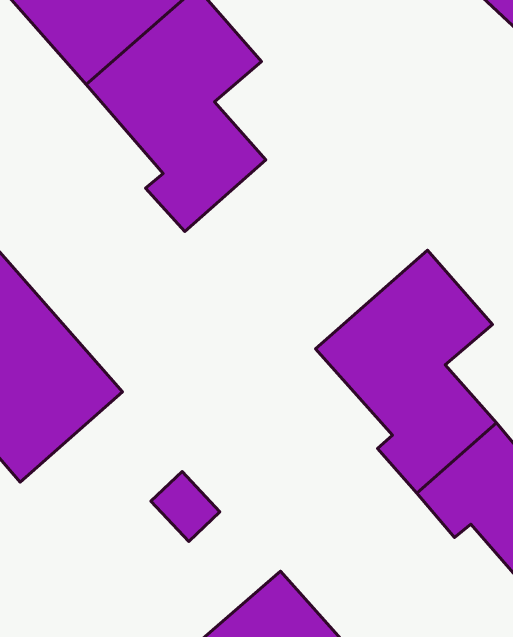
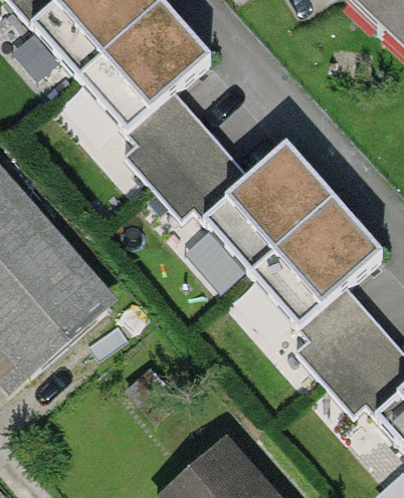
building: none -> [153,135,334,275]

